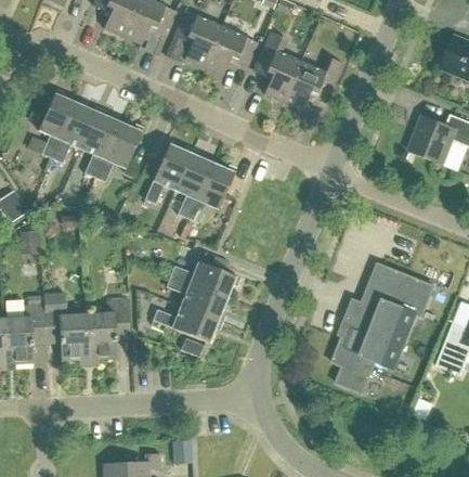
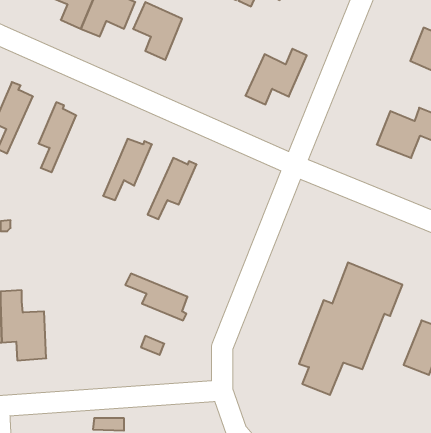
building: [204,27,256,76] -> none
building: [252,31,300,102] -> none
building: [50,103,97,164] -> none
building: [93,121,141,182] -> none
building: [173,150,211,218] -> none
building: [170,261,238,298] -> none
building: [86,299,129,358] -> none
building: [153,305,221,341] -> none

